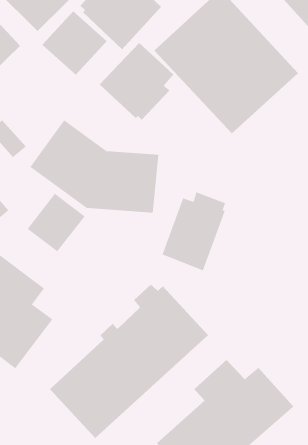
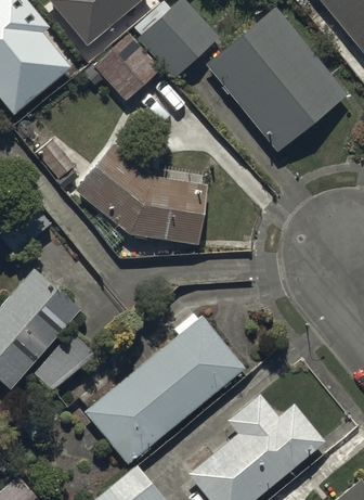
building: [99,42,174,121] -> none
building: [162,192,226,271] -> none
building: [27,193,86,252] -> none

